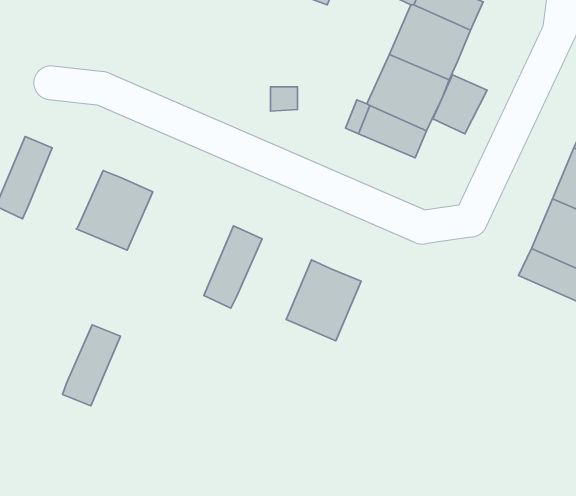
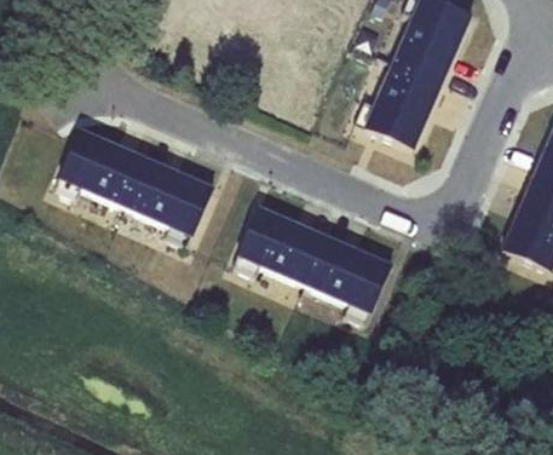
building: [433,75,487,134] -> none
building: none -> [82,139,146,208]
building: none -> [260,217,324,286]
building: none -> [341,253,391,323]
building: [62,325,121,406] -> [163,177,213,246]

